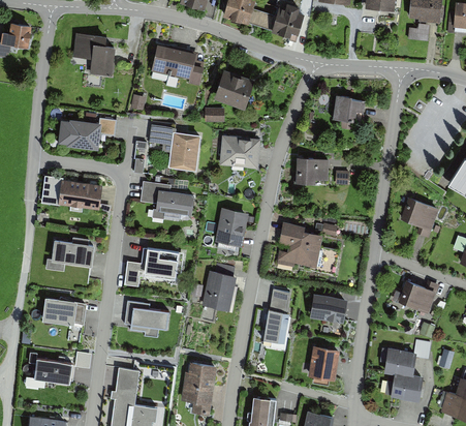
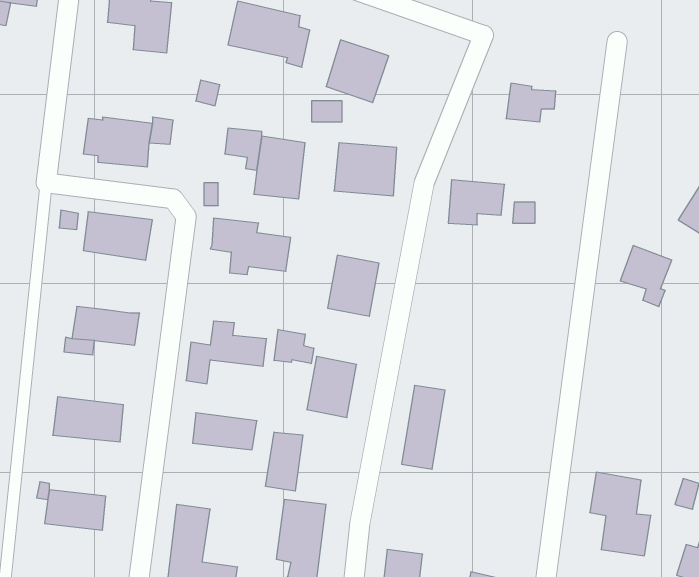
building: [278,221,322,267] -> none
building: none -> [274,329,314,364]
building: [401,282,442,315] -> none
building: [310,293,348,323] -> none
building: none -> [266,432,303,491]
building: [309,345,340,381] -> none

